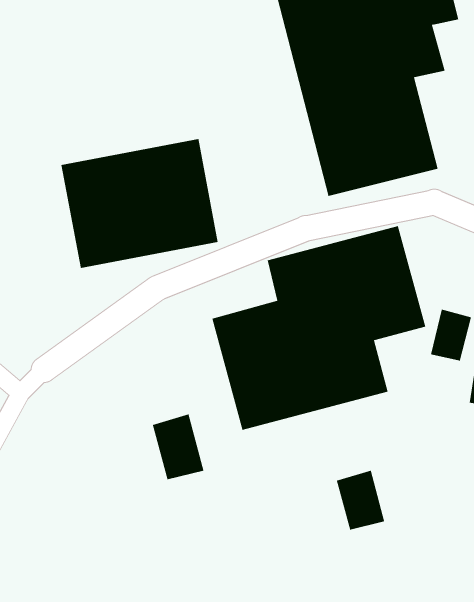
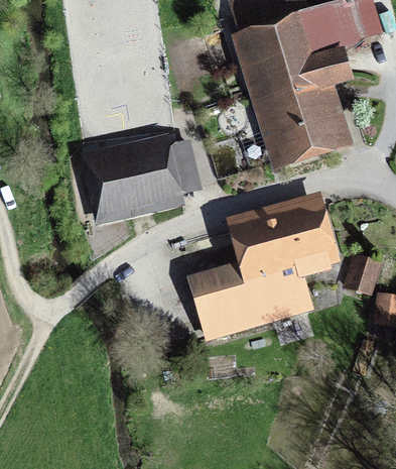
building: [152,414,204,480] -> none
building: [336,470,385,531] -> none

